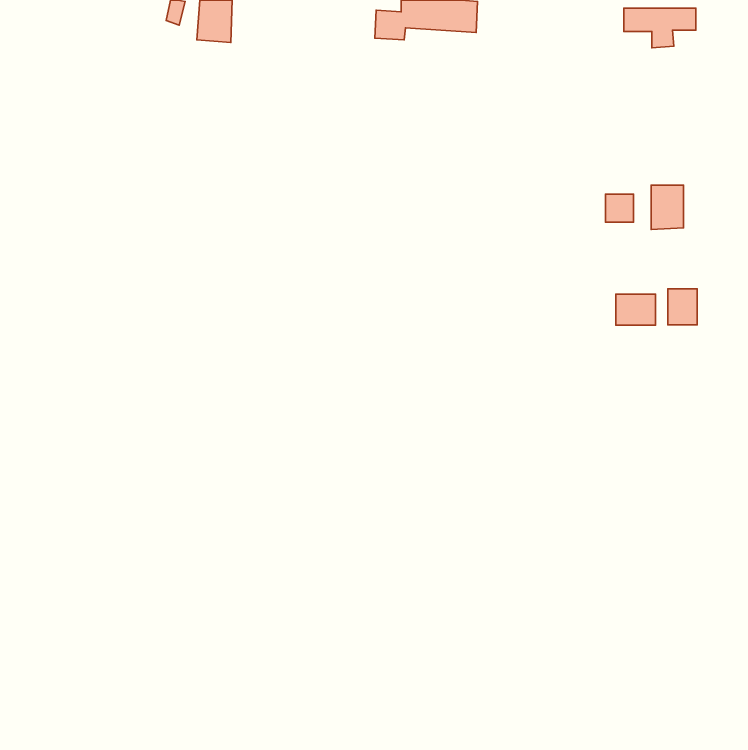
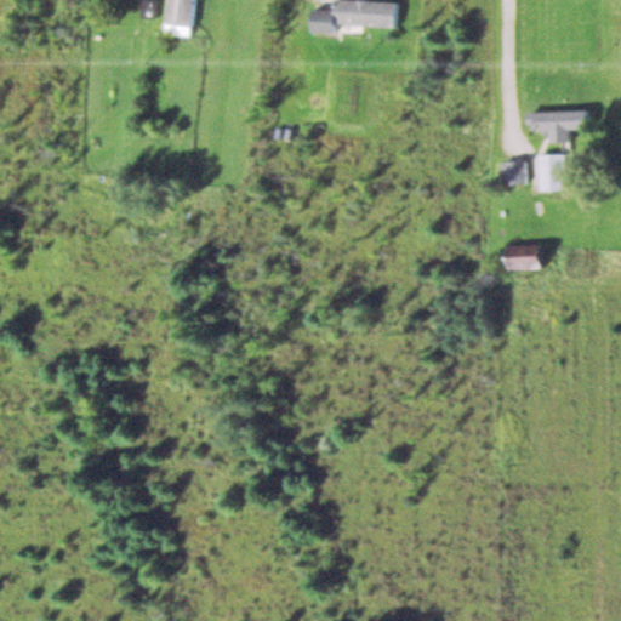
building: [624,8,696,48] -> [528,110,587,143]
building: [668,289,697,325] -> none

